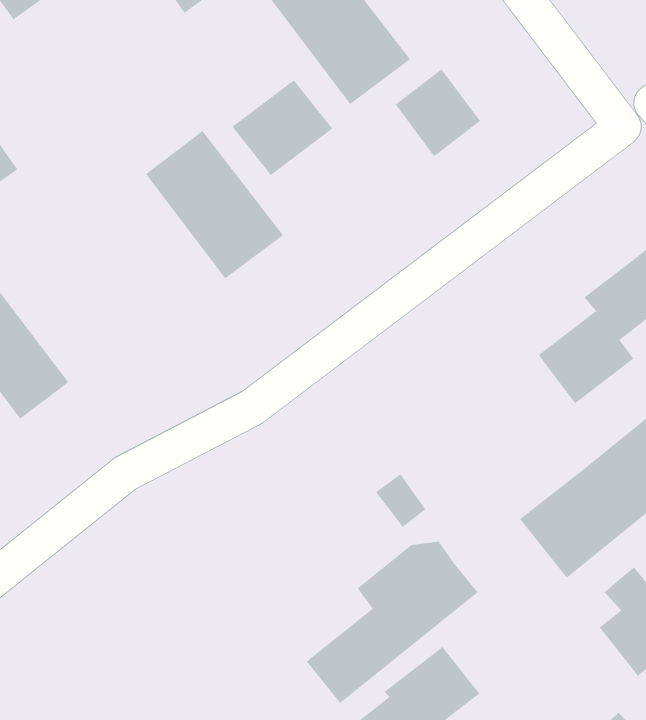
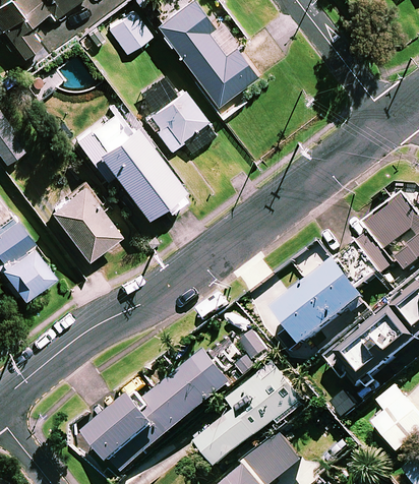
building: [395,68,481,157] -> none
building: none -> [51,184,119,258]
building: none -> [271,251,362,345]
building: none -> [83,350,228,472]

